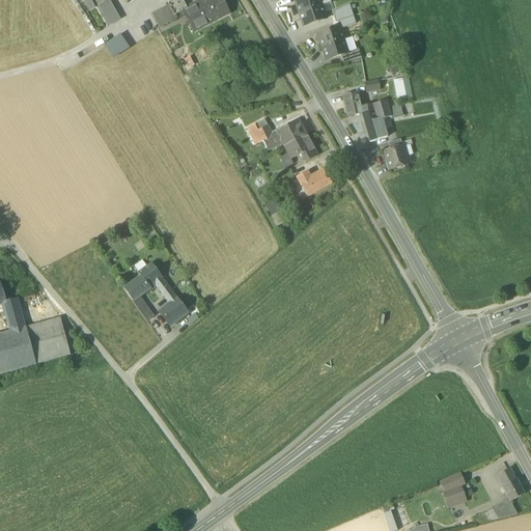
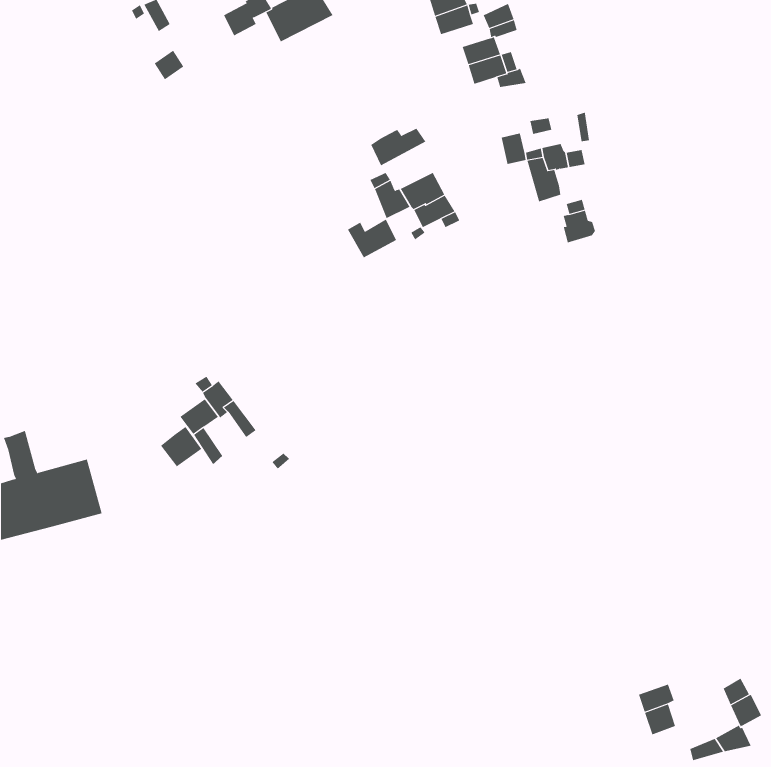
building: none -> [371,128,426,166]
building: [297,167,331,194] -> [347,219,397,258]
building: [159,296,188,324] -> [160,426,202,467]

